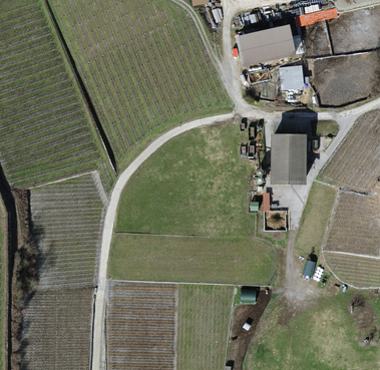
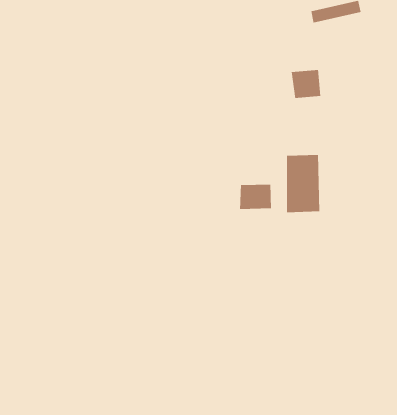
building: [237,27,292,63] -> none
building: none -> [240,184,271,210]

